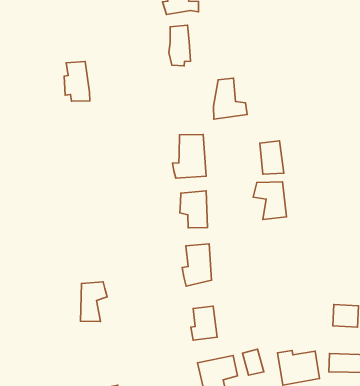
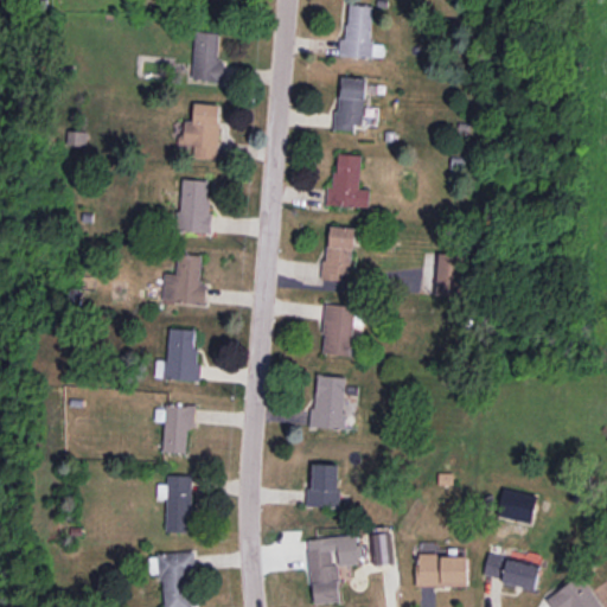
building: none -> [190,32,222,82]
building: [213,78,247,119] -> [325,153,371,206]
building: none -> [173,179,209,236]
building: none -> [159,256,211,307]
building: [253,182,287,219] -> none
building: none -> [166,331,198,385]
building: none -> [155,478,192,539]

